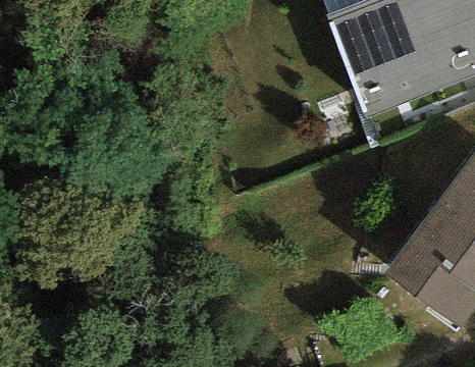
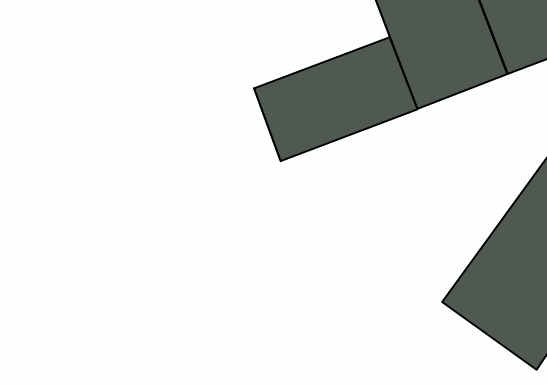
building: none -> [254,37,417,161]

